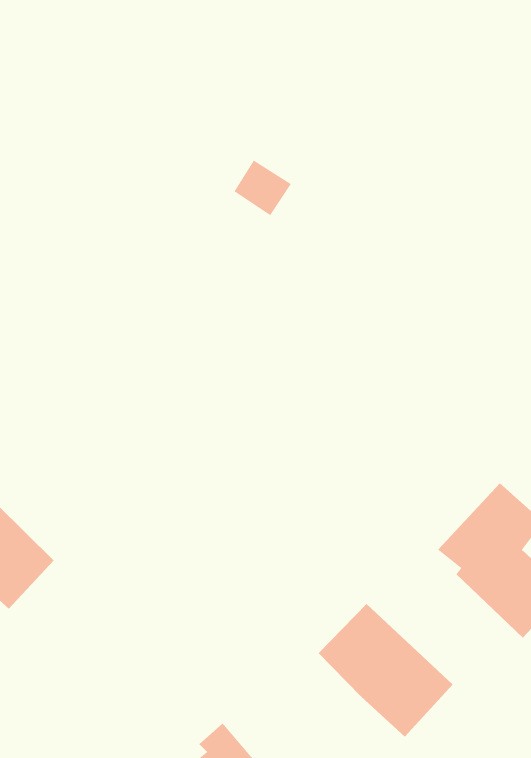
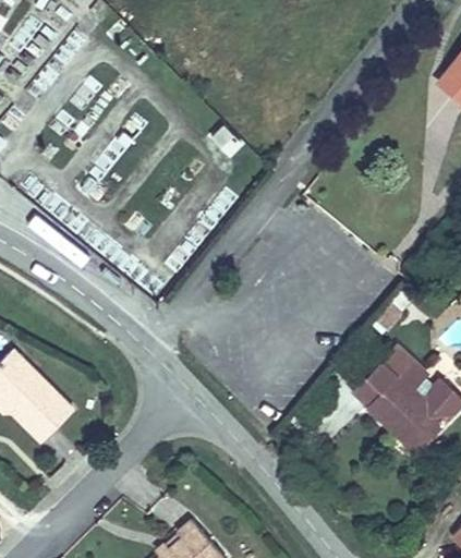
building: [318,603,453,737] -> none

